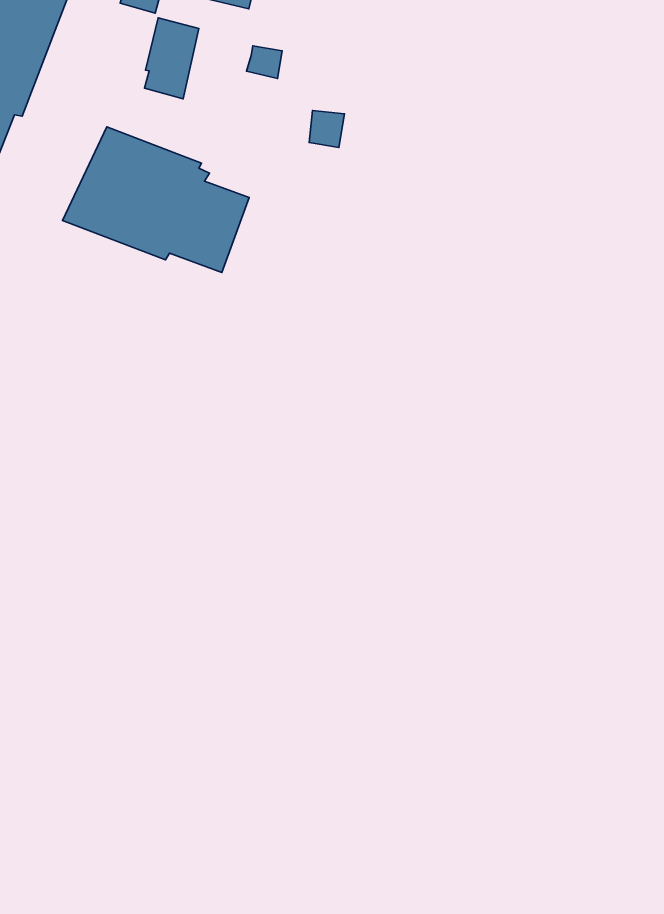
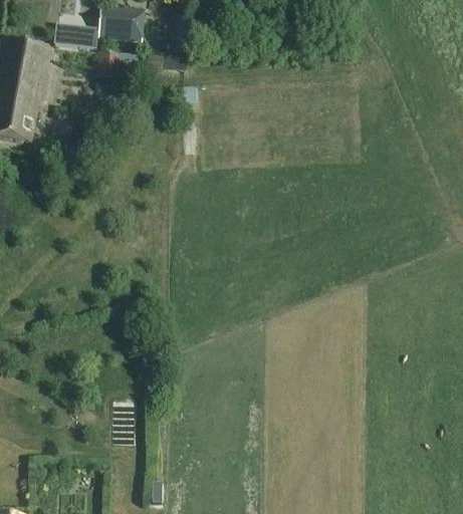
building: [63,127,249,273] -> none

